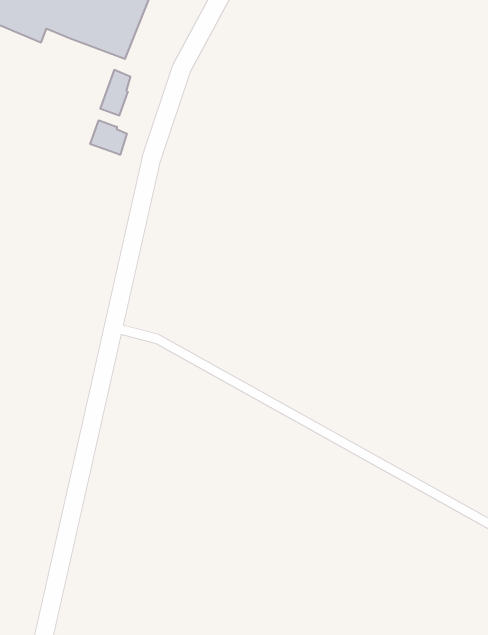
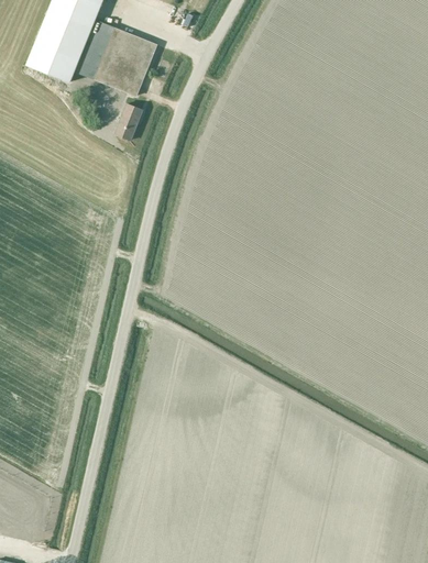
building: [90,120,127,155] -> none

